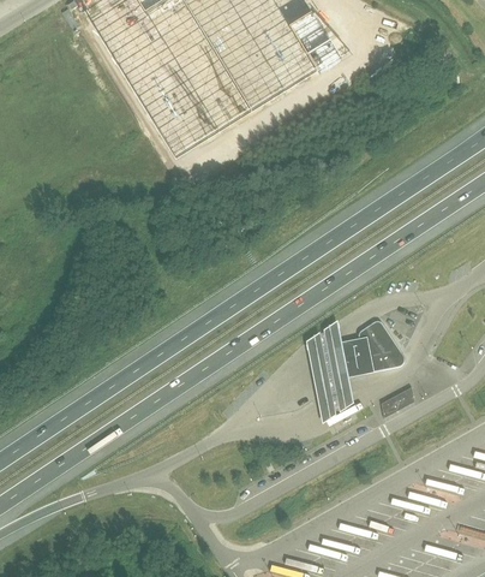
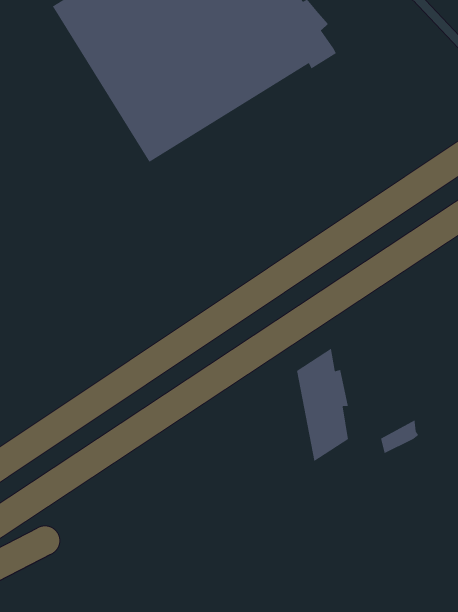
building: [345,319,403,374] -> none

